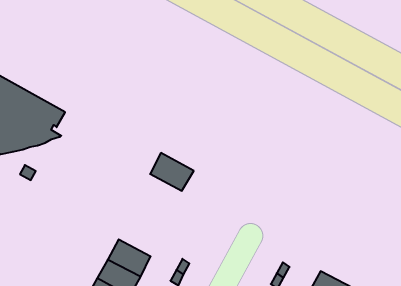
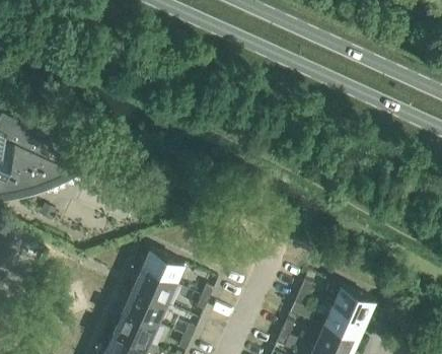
building: [150,153,194,191] -> [140,254,182,289]

